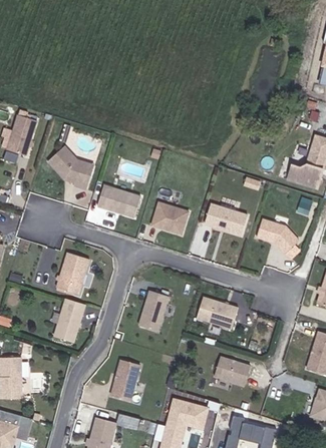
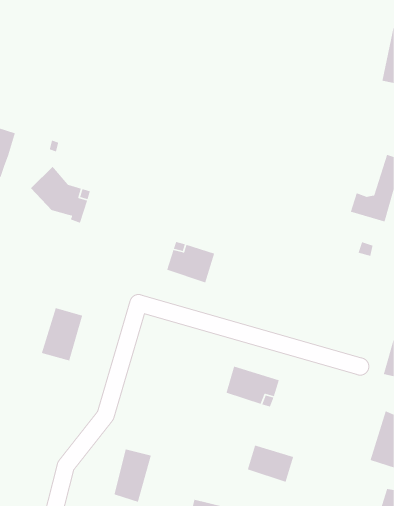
building: [97,184,140,216] -> none
building: [205,204,247,236] -> none
building: [257,219,299,254] -> none
building: [138,290,169,331] -> none
building: [53,299,85,342] -> none

